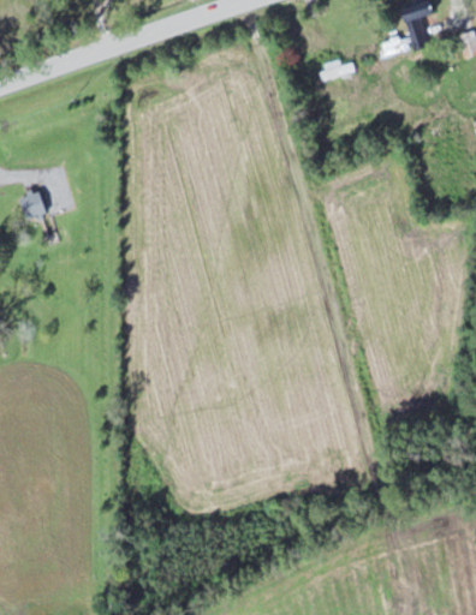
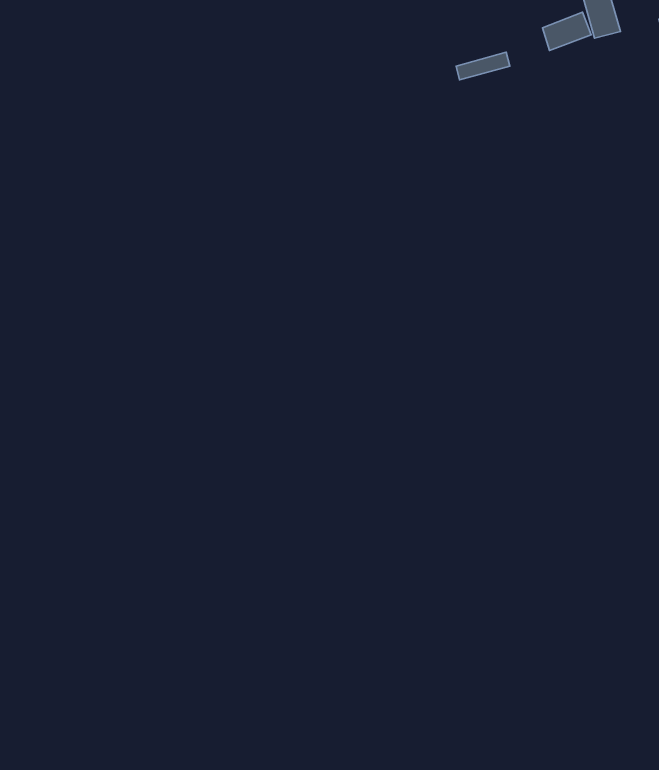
building: [22,190,46,217] -> none

